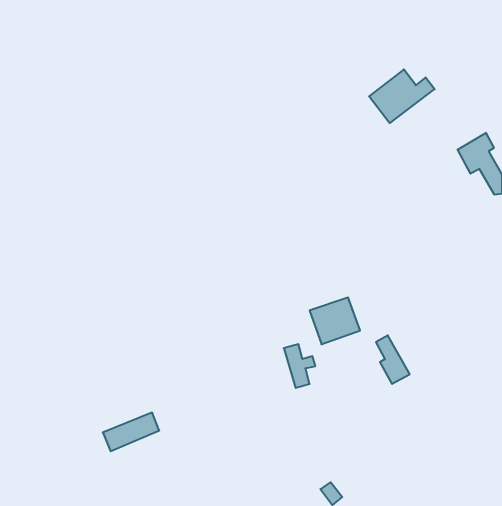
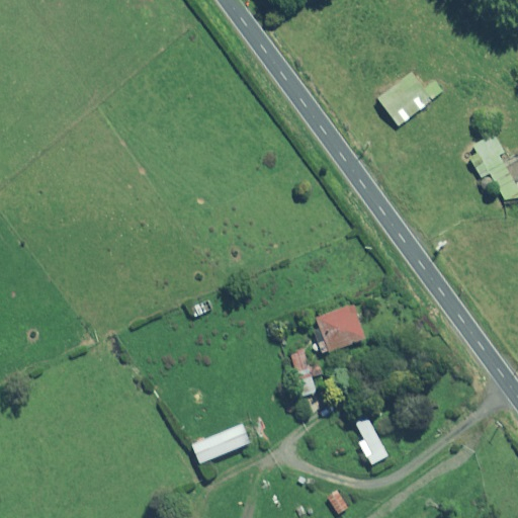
building: [376,335,410,384] -> [354,415,388,464]
building: [103,413,159,451] -> [191,424,249,463]

